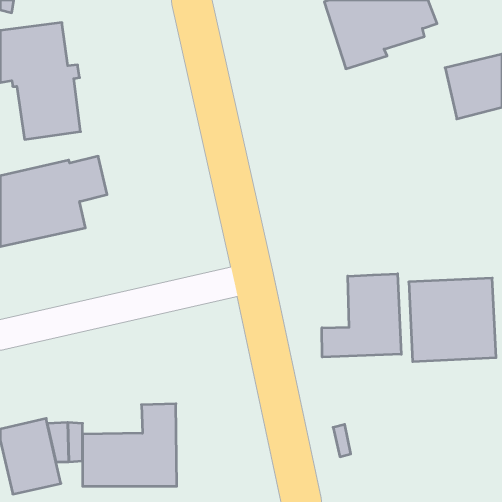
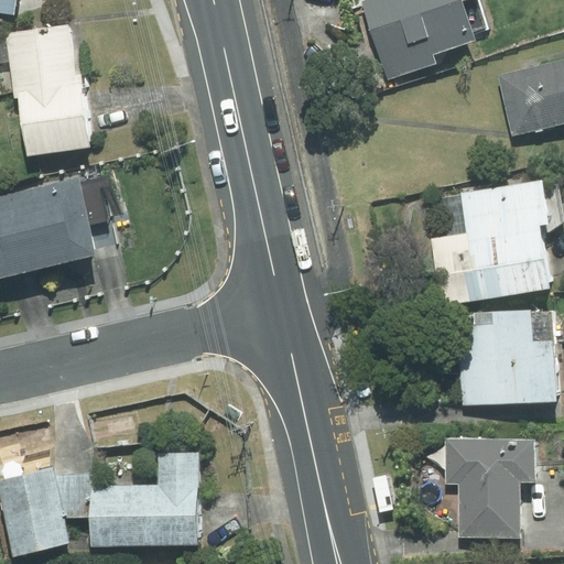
building: none -> [431,181,549,304]
building: [322,274,401,357] -> none
building: none -> [447,440,534,536]

